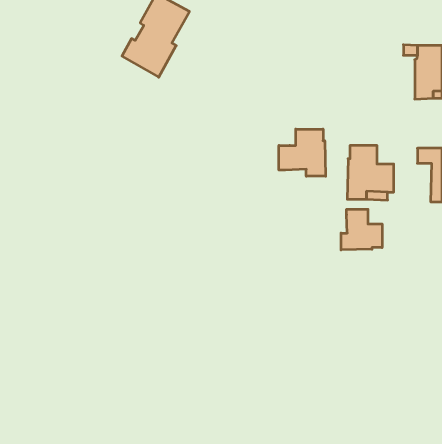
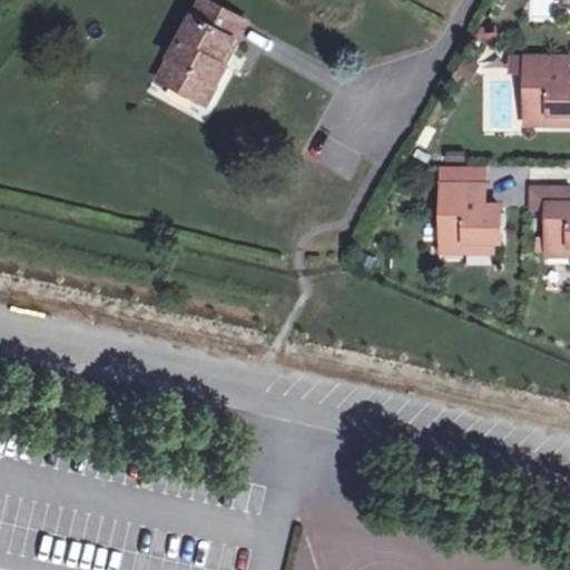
building: [279,129,326,176] -> none
building: [341,209,382,250] -> none

